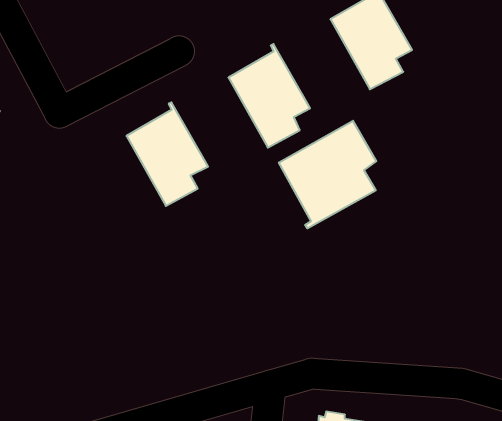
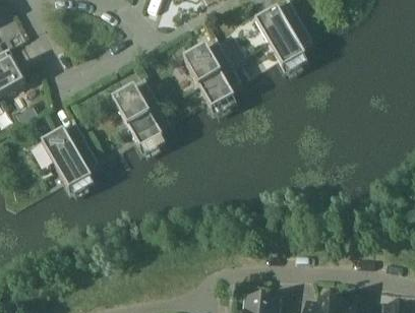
building: [279,121,376,228] -> none
building: none -> [41,119,98,191]

